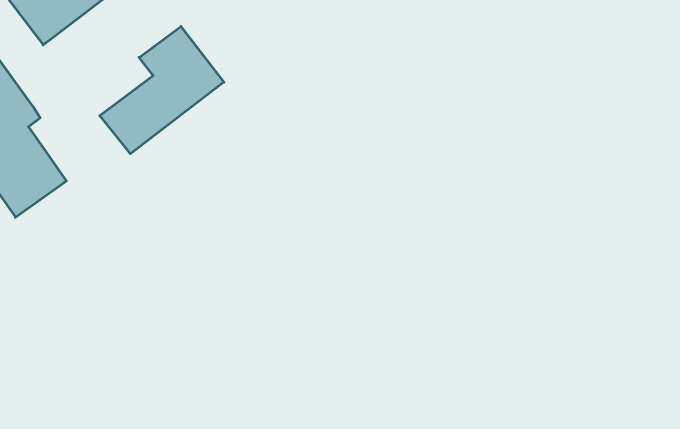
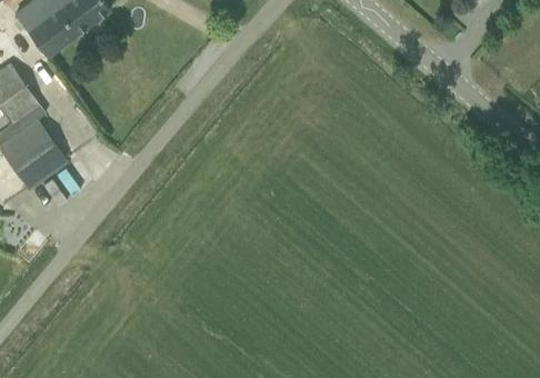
building: [100,26,224,154] -> none

